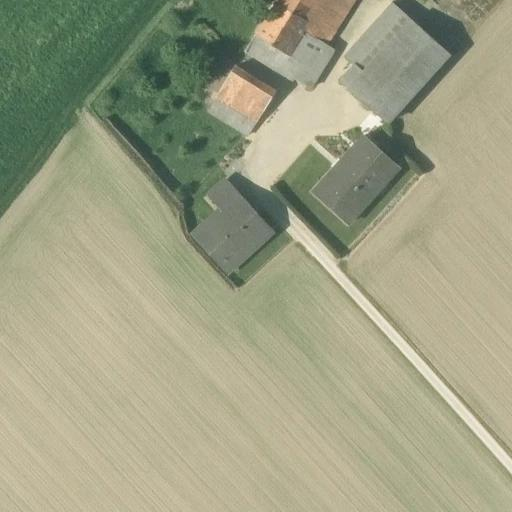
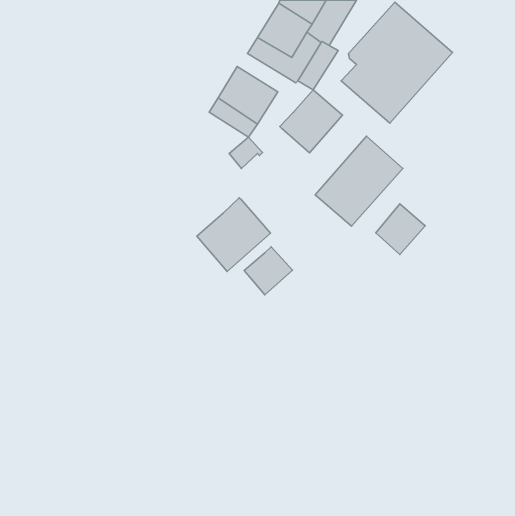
building: none -> [280,90,343,153]
building: [210,180,243,211] -> [229,137,263,169]
building: none -> [376,204,425,255]
building: none -> [244,247,293,295]

